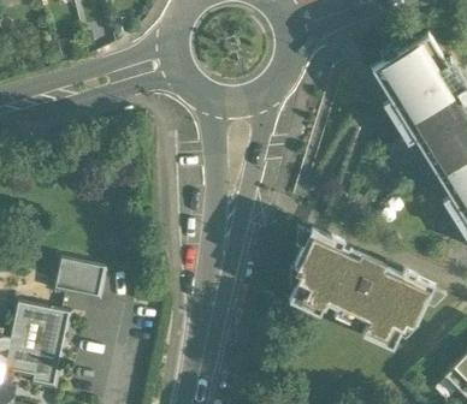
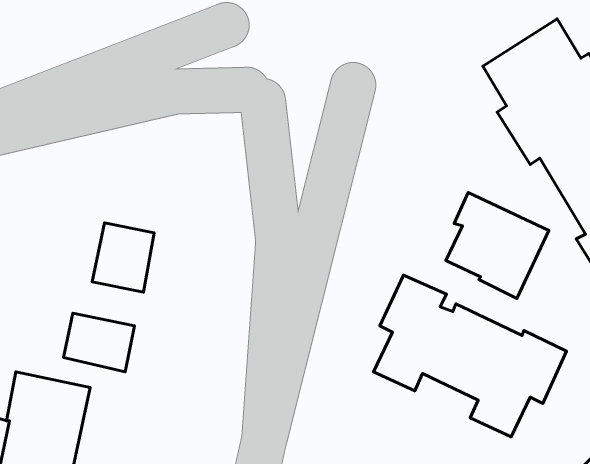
building: none -> [446,193,549,298]
building: none -> [92,223,154,292]

